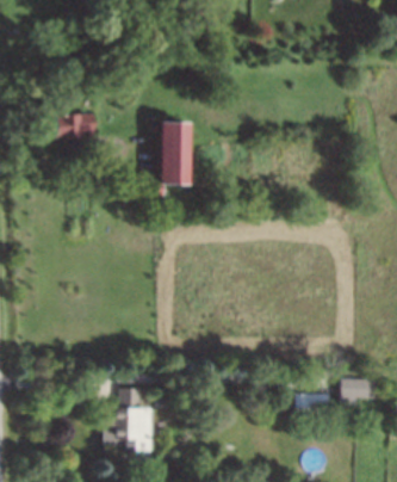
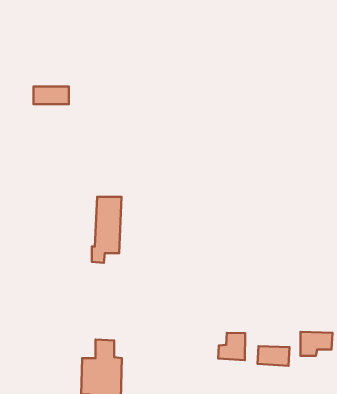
building: [157,123,190,194] -> [92,197,121,263]
building: none -> [218,333,245,360]

